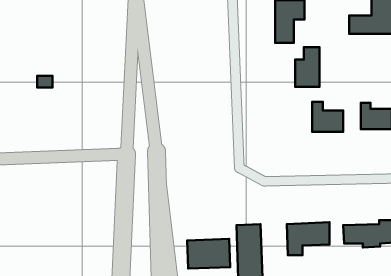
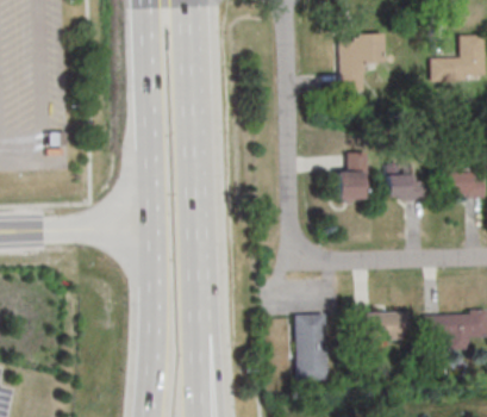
building: [295,47,320,87] -> [338,153,368,201]
building: [187,239,230,269] -> none

